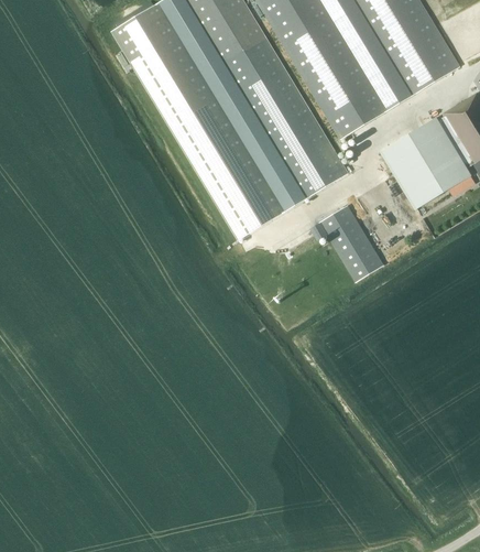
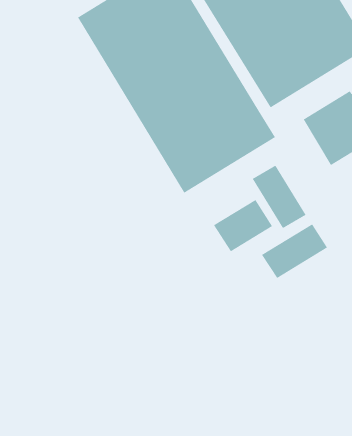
building: none -> [213,199,273,252]
building: none -> [261,224,328,279]

